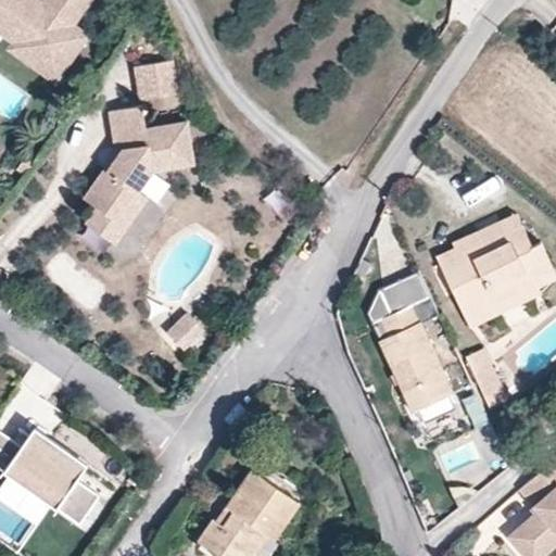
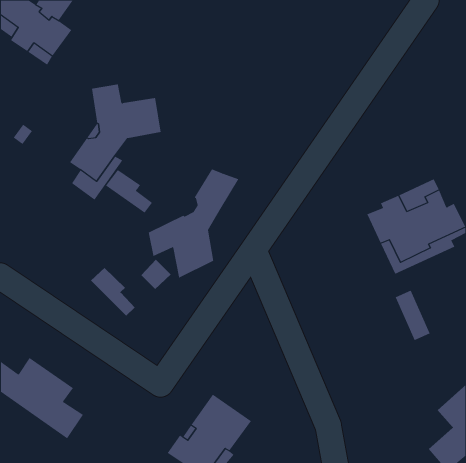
building: [134,59,177,98] -> none
building: none -> [148,169,239,278]
building: none -> [105,169,153,213]
building: [368,274,453,421] -> none
building: none -> [90,267,136,316]

